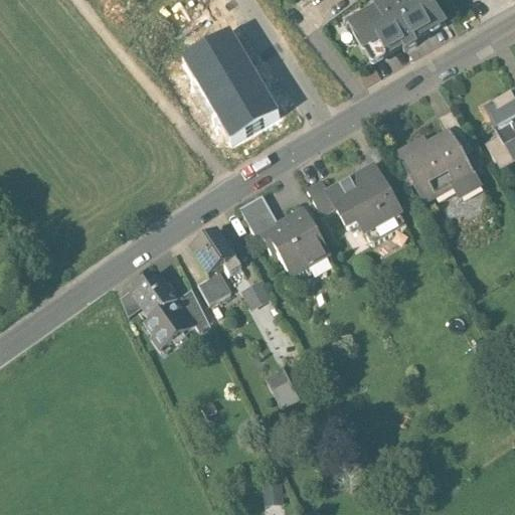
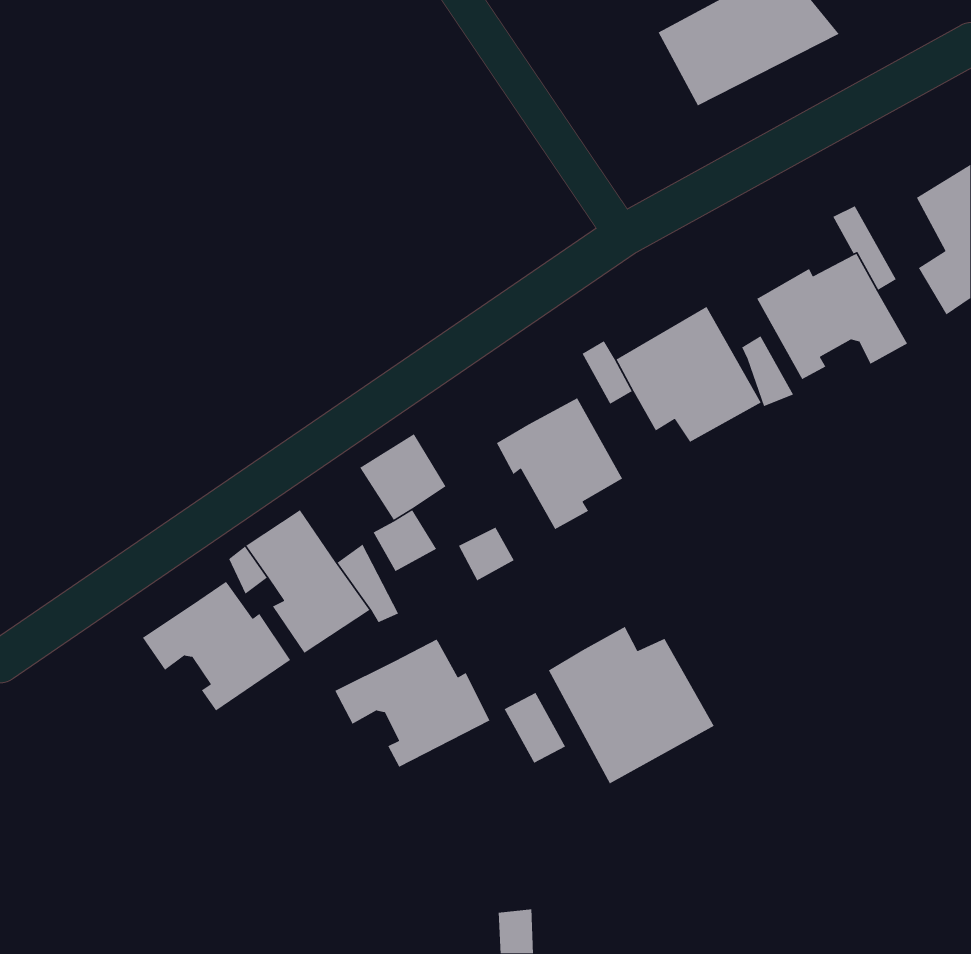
building: [183,30,280,142] -> none
building: none -> [741,335,794,407]
building: [240,194,280,239] -> none
building: none -> [142,581,291,711]
building: none -> [548,626,715,784]
building: none -> [334,638,490,768]

